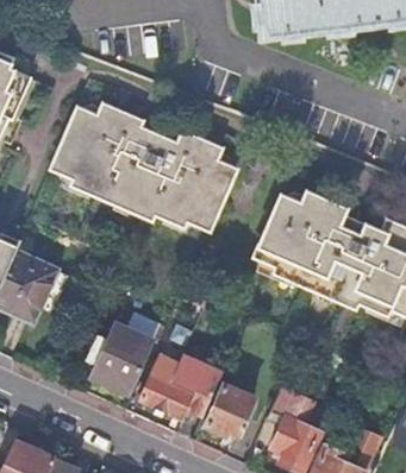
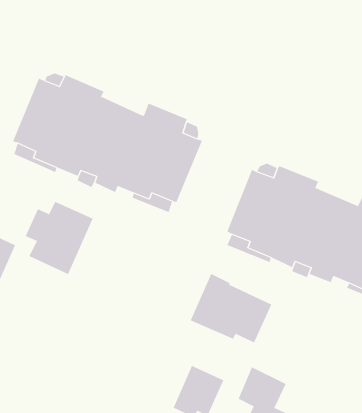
building: [86,324,151,395] -> [25,201,93,275]
building: [138,354,217,421] -> [190,273,272,343]

